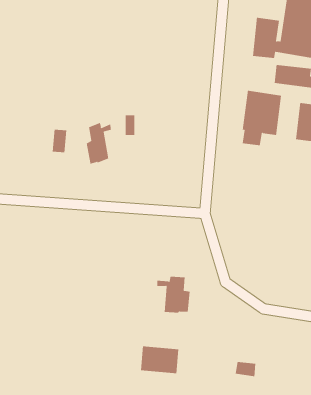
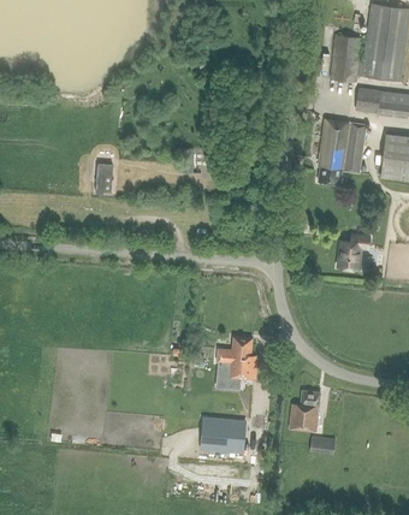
building: [86,122,111,164] -> none
building: none -> [338,233,369,268]
building: none -> [290,390,319,430]

